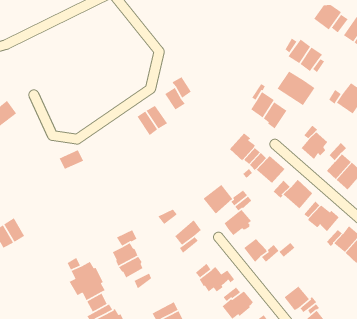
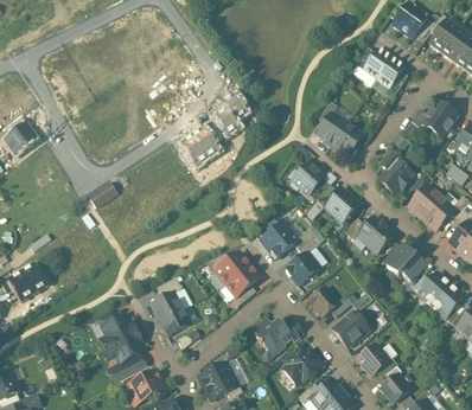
building: [277,70,315,106] -> none
building: none -> [216,251,250,284]
building: none -> [333,310,370,347]

